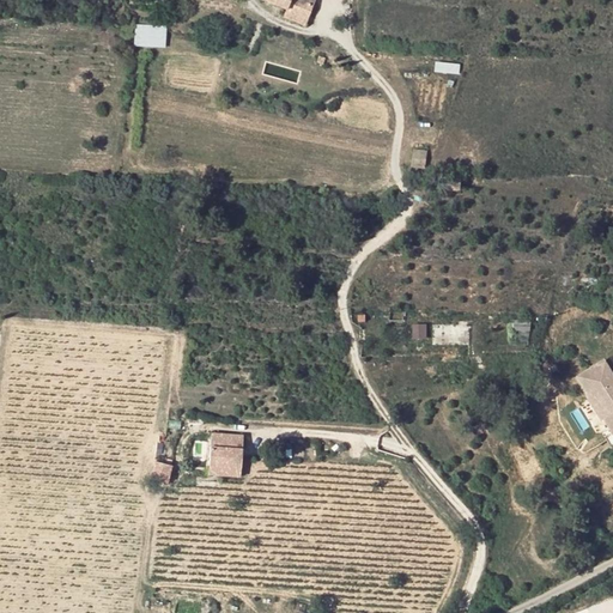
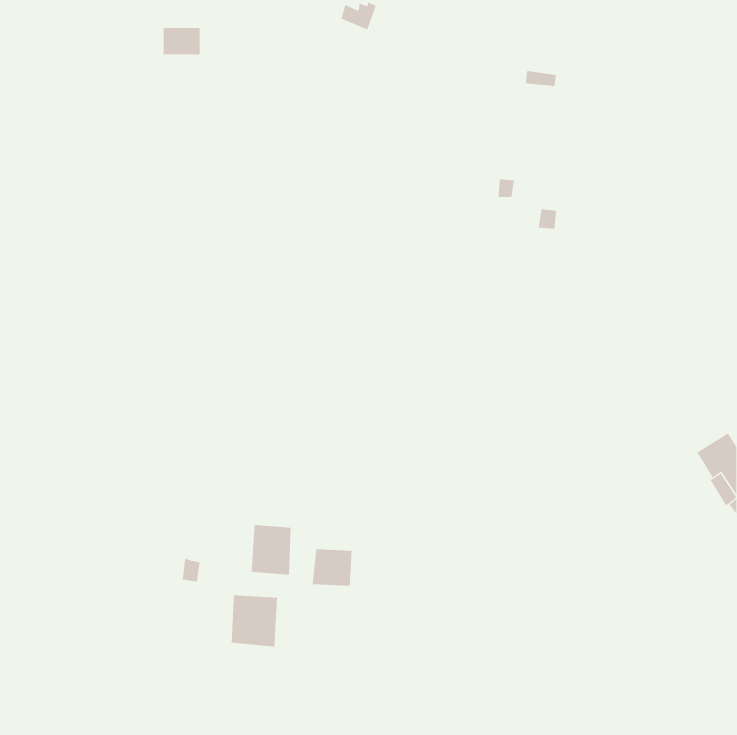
building: none -> [312,548,352,587]
building: none -> [231,594,277,648]

